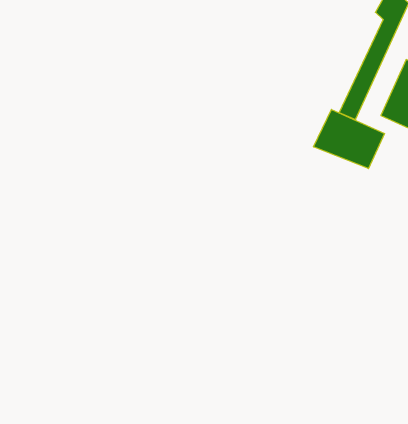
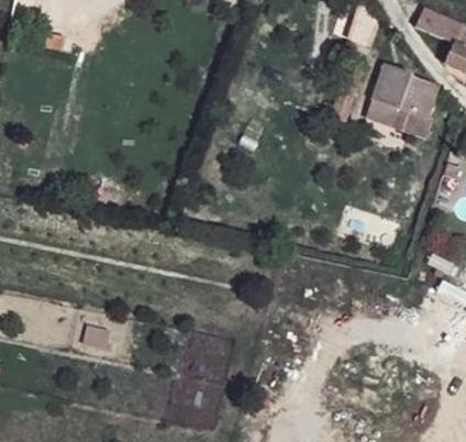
building: [314,109,384,169] -> none

